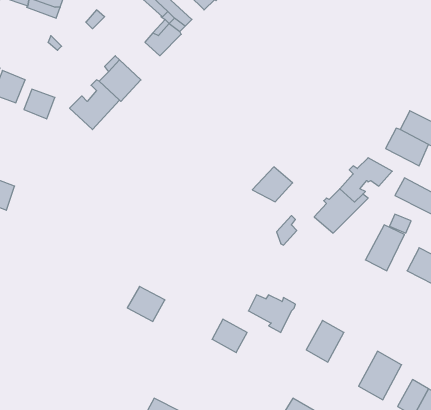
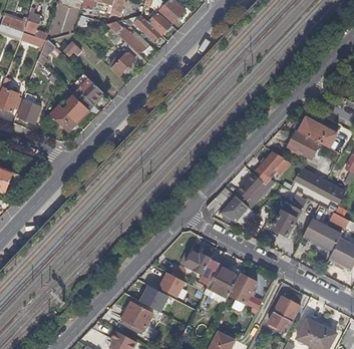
building: [252,167,293,202] -> [219,196,249,222]
building: [127,286,165,321] -> [139,285,167,311]
building: none -> [207,266,239,298]
building: none -> [121,302,152,330]

